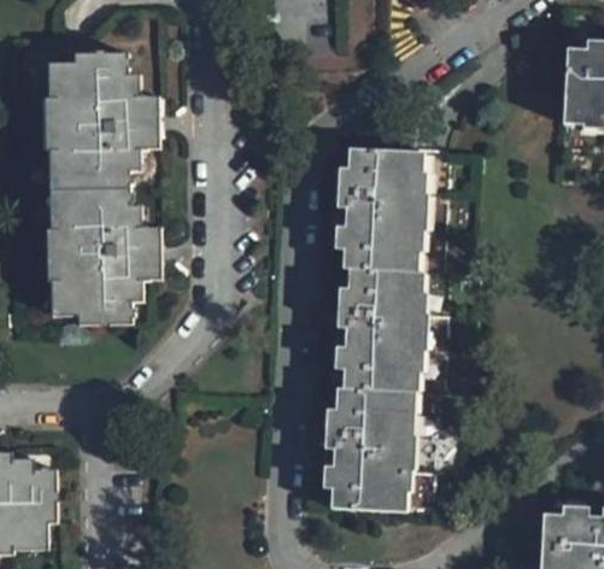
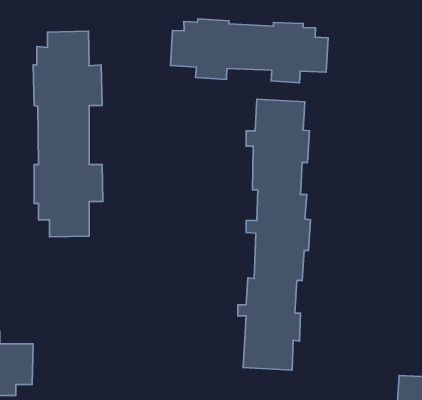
building: none -> [170,19,328,83]

